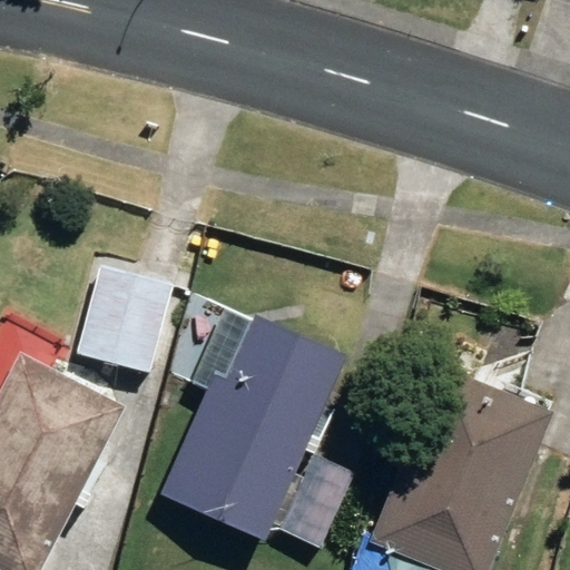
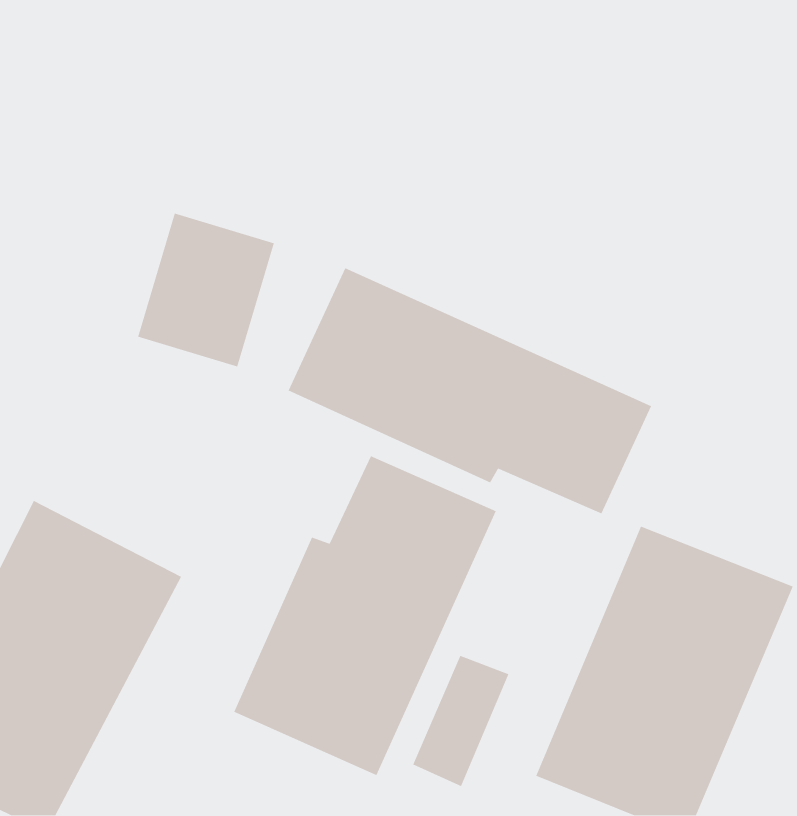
building: none -> [288,267,652,514]
building: [75,265,170,373] -> [137,212,275,367]

